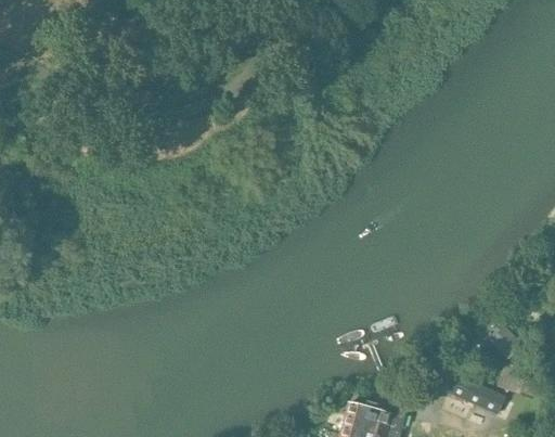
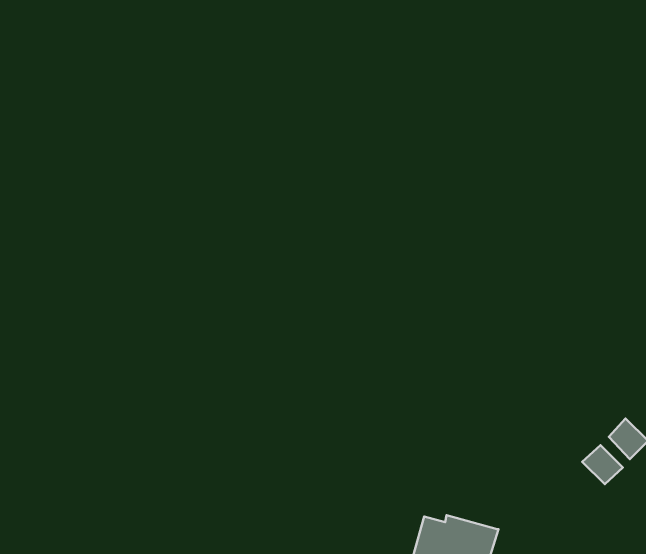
building: [452,380,499,413] -> none

